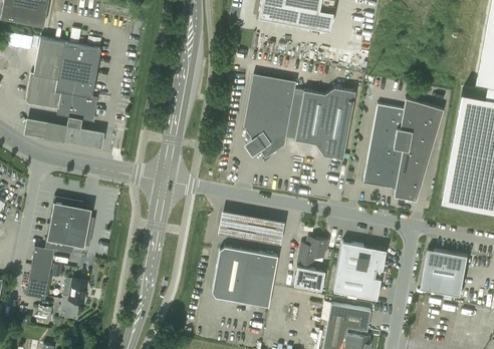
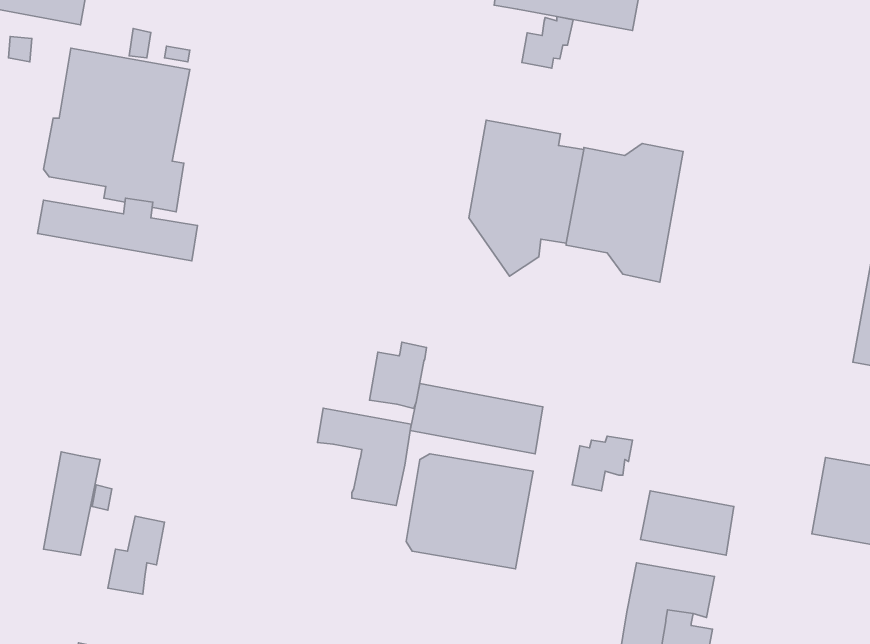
building: none -> [522,16,573,68]
building: [362,99,442,202] -> none
building: none -> [370,342,427,409]
building: [44,197,94,255] -> none
building: none -> [317,408,411,505]
building: [337,243,386,275] -> none
building: [293,266,324,290] -> none

